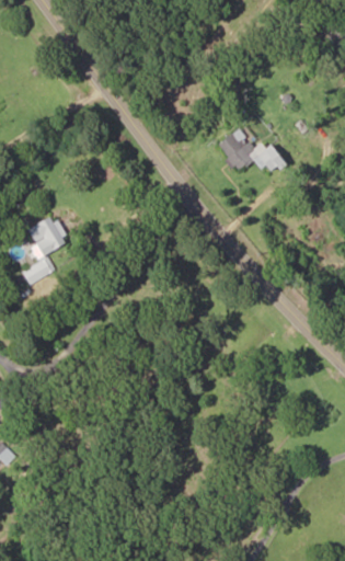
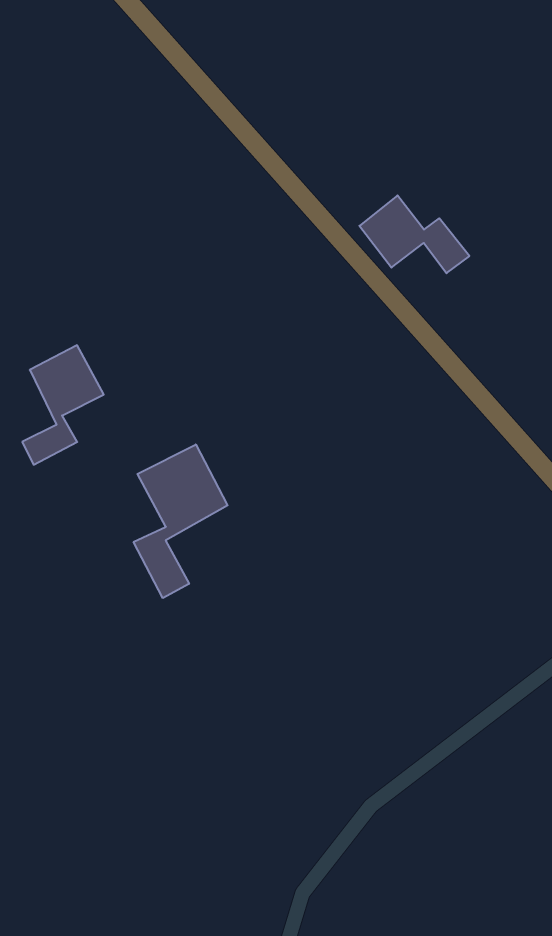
building: none -> [134,444,228,598]

